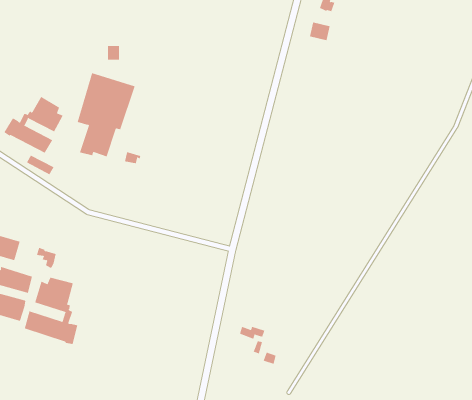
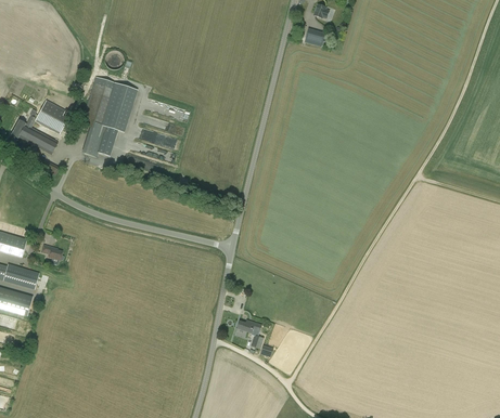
building: [24,277,78,345] -> none

